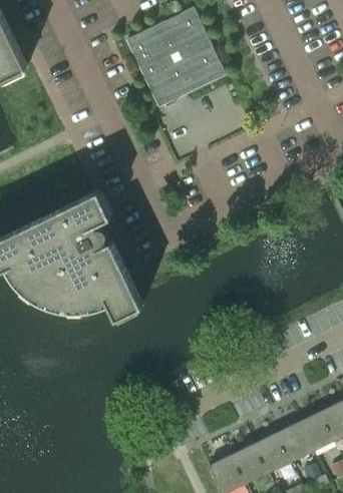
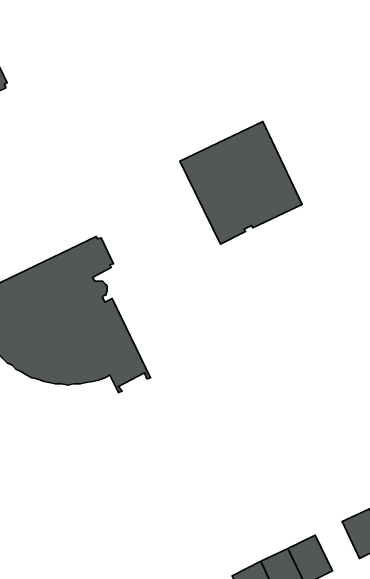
building: [124,9,224,108] -> [180,121,302,244]
building: [275,423,311,463] -> none

